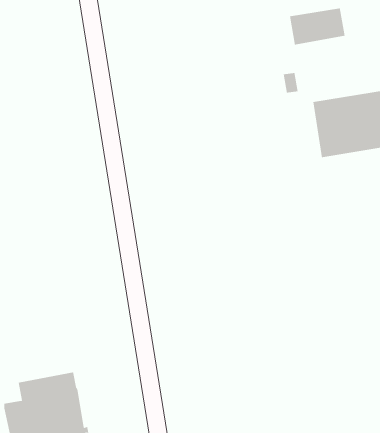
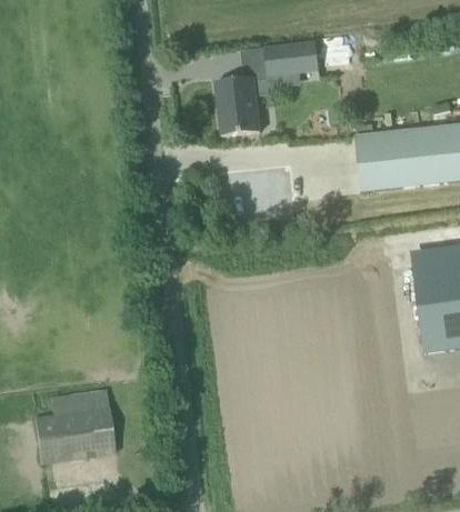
building: [289,8,345,45] -> [263,42,318,77]
building: none -> [214,74,260,133]

